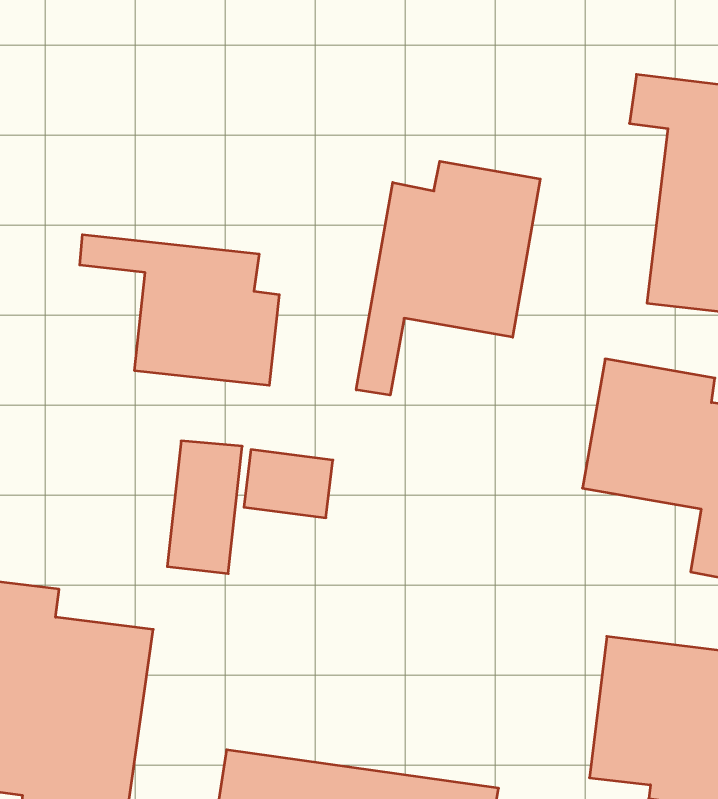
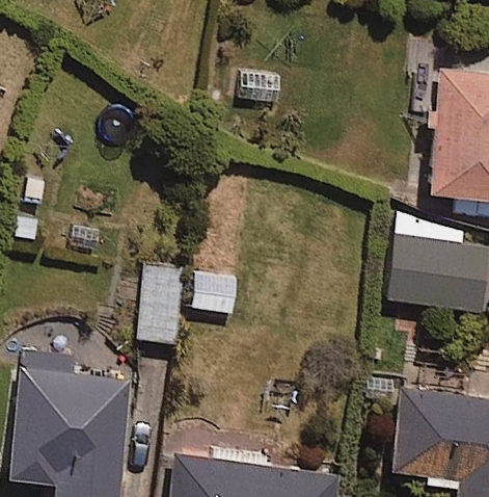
building: [356,161,540,395] -> none
building: [80,235,279,385] -> none

